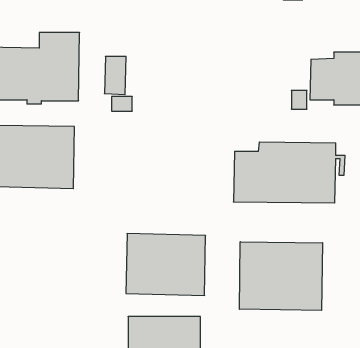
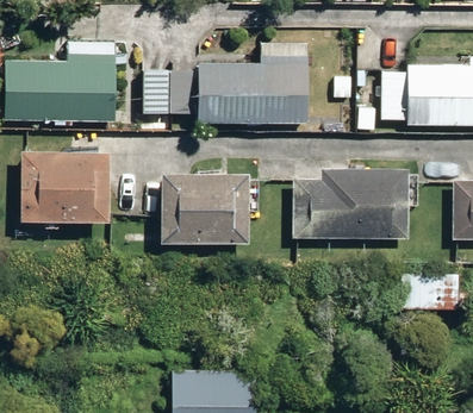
building: none -> [170,54,309,123]
building: [126,234,206,295] -> [158,171,250,243]
building: [239,242,323,310] -> none

